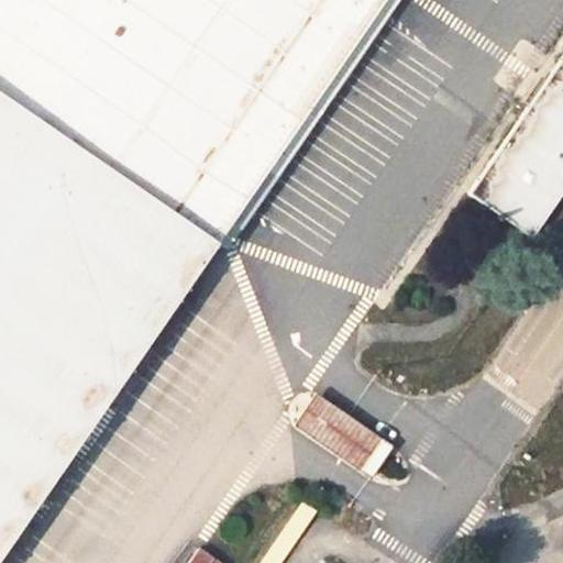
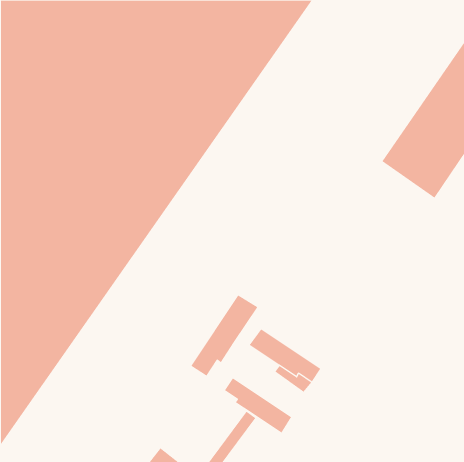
building: none -> [191,295,258,376]
building: none -> [224,377,292,433]

